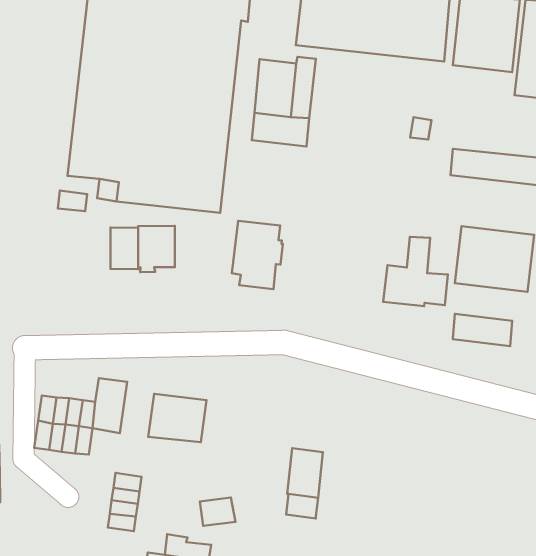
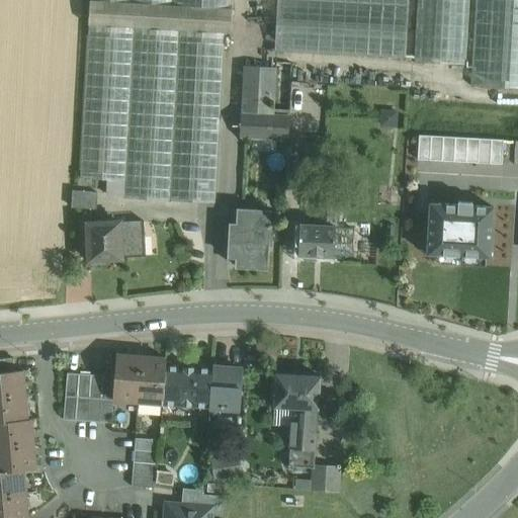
building: [138,226,175,272] -> [87,222,121,264]
building: [383,237,448,306] -> [297,197,353,258]
building: [453,314,512,346] -> none
building: none -> [138,357,166,405]
building: none -> [209,367,241,410]
building: none -> [273,373,321,410]
building: none -> [314,466,339,490]

